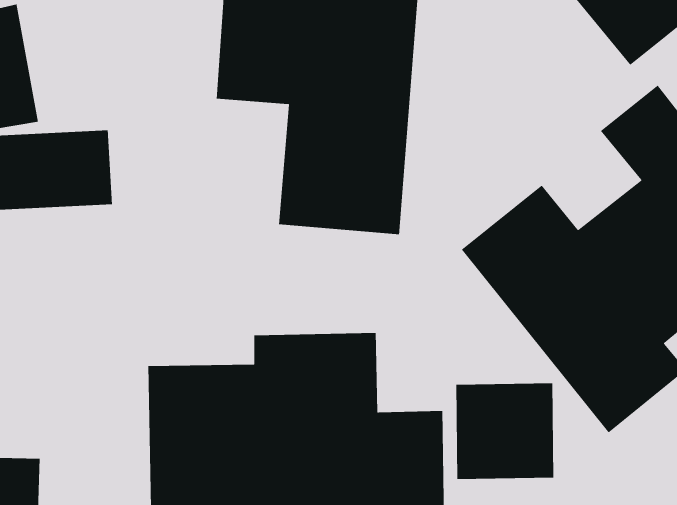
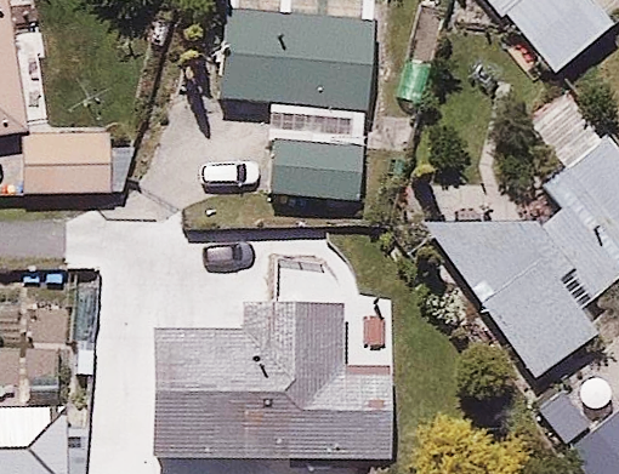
building: [455,383,554,480] -> none

